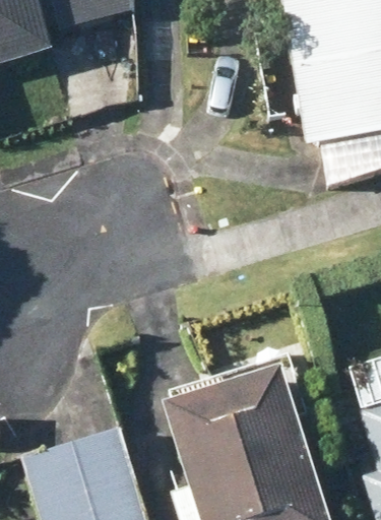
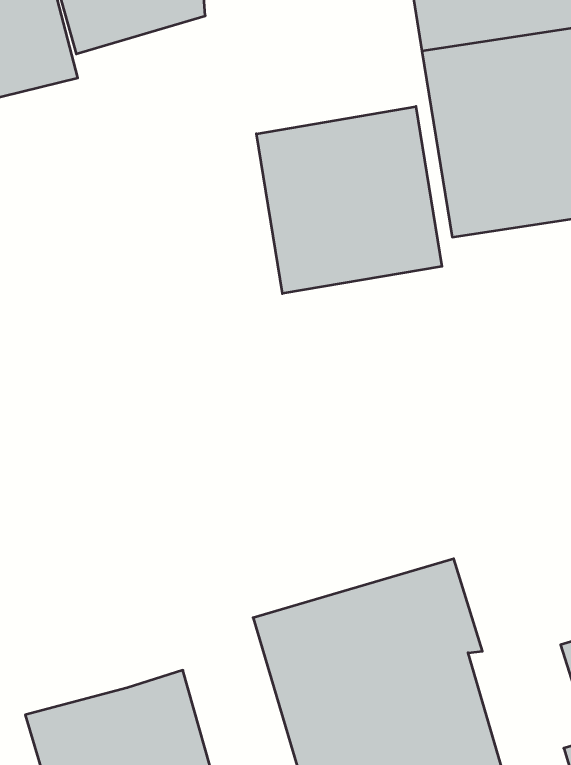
building: none -> [256,106,442,294]

